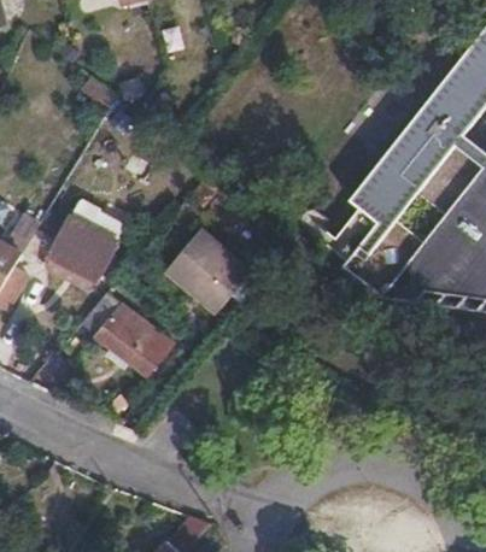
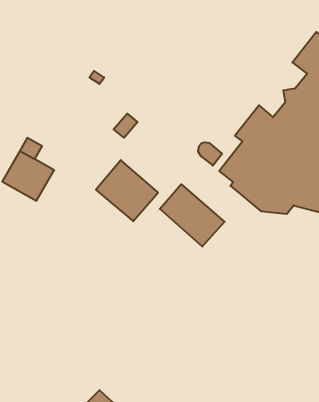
building: none -> [160,184,225,247]
building: [86,288,174,374] -> none

